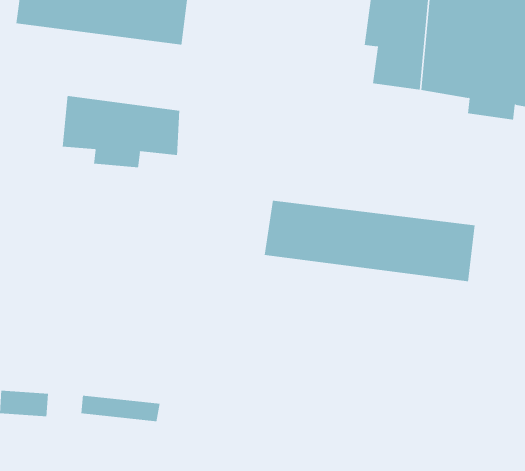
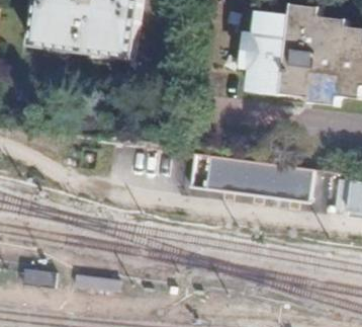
building: [62,95,180,168] -> none

